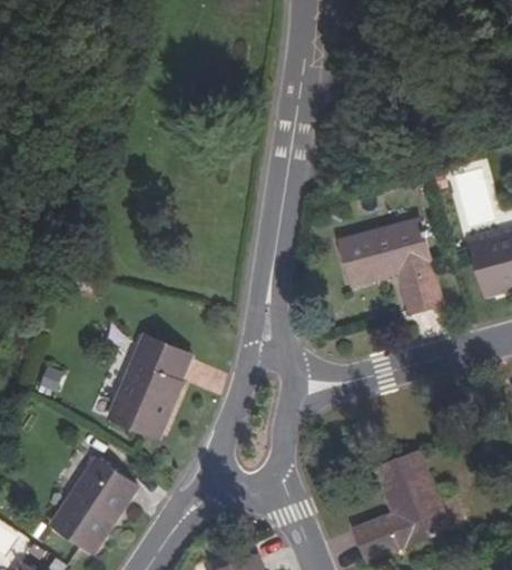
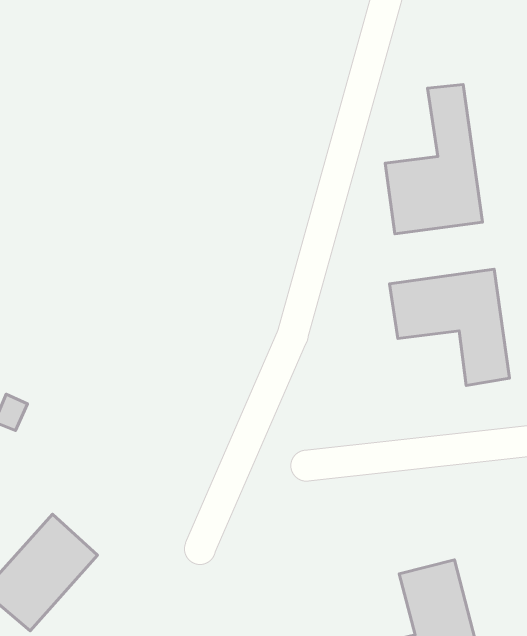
building: none -> [385,85,483,234]
building: [108,333,189,436] -> none

